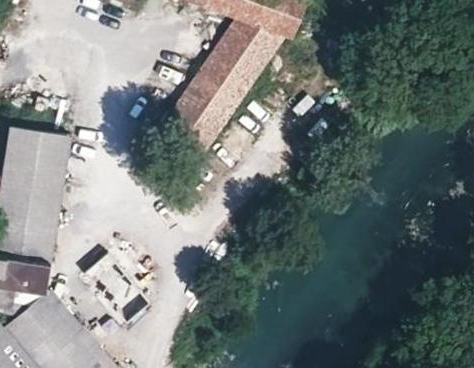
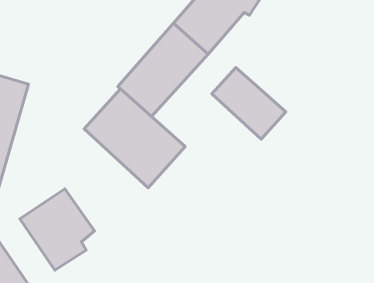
building: none -> [212,67,286,139]
building: none -> [84,89,185,188]

